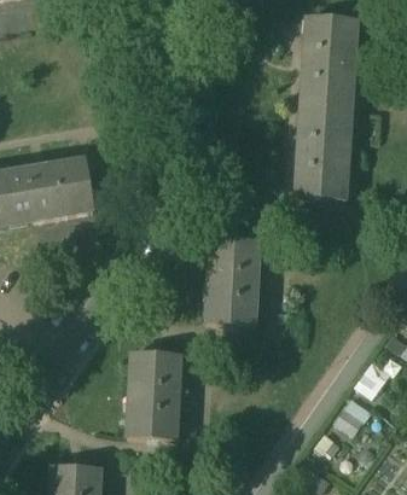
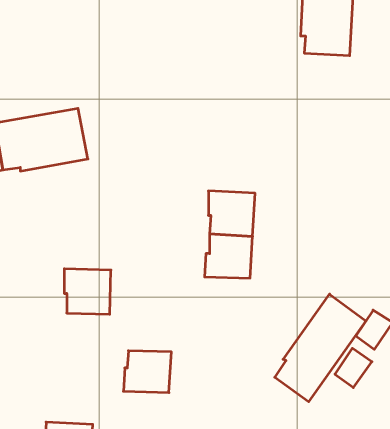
building: [298,103,351,196] -> none
building: none -> [275,294,366,402]
building: [132,351,178,396] -> [64,269,111,314]

